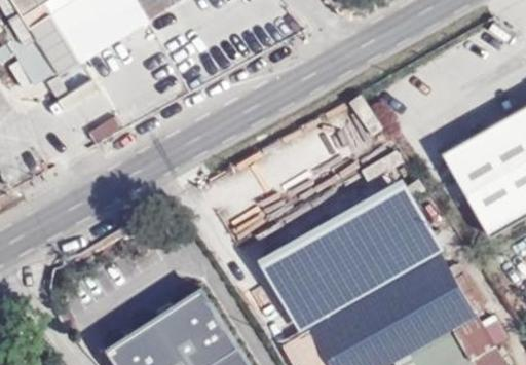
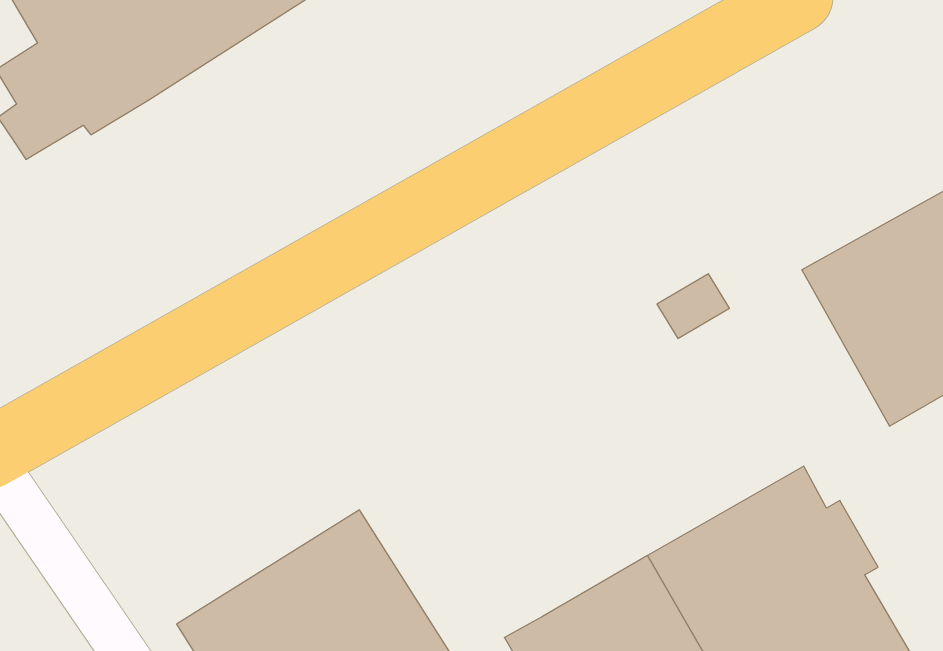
building: [260,185,443,338] -> none

